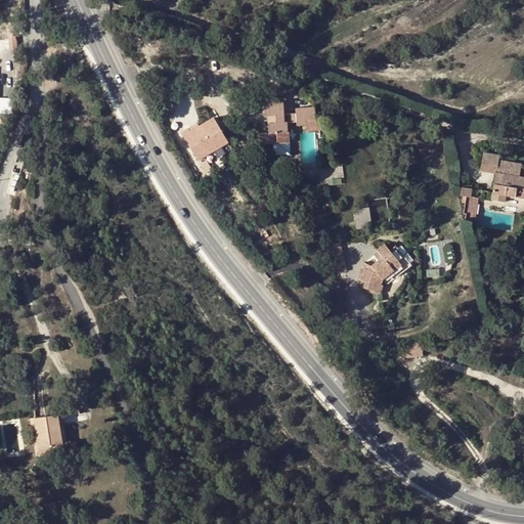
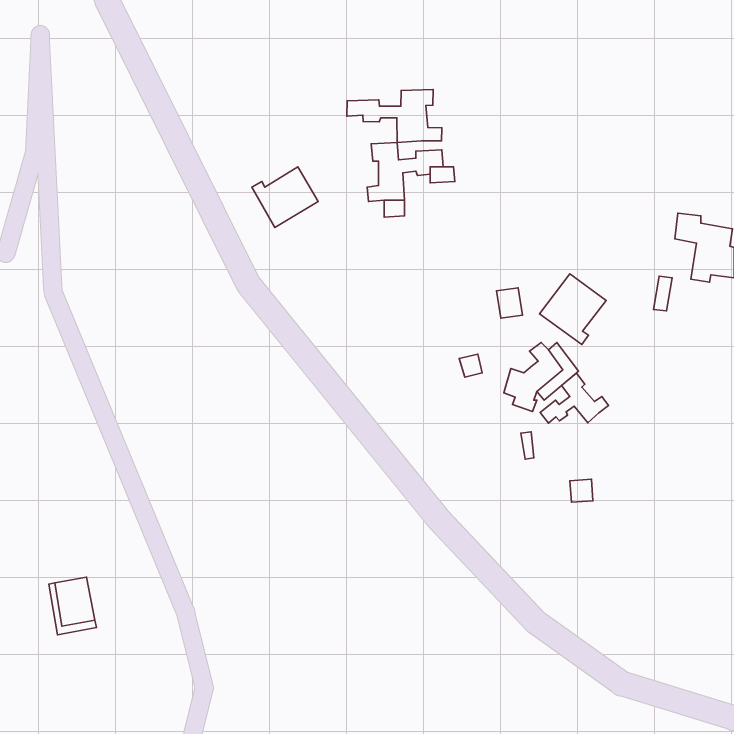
building: none -> [347,90,442,142]
building: none -> [539,274,606,345]
building: none -> [540,373,609,423]

